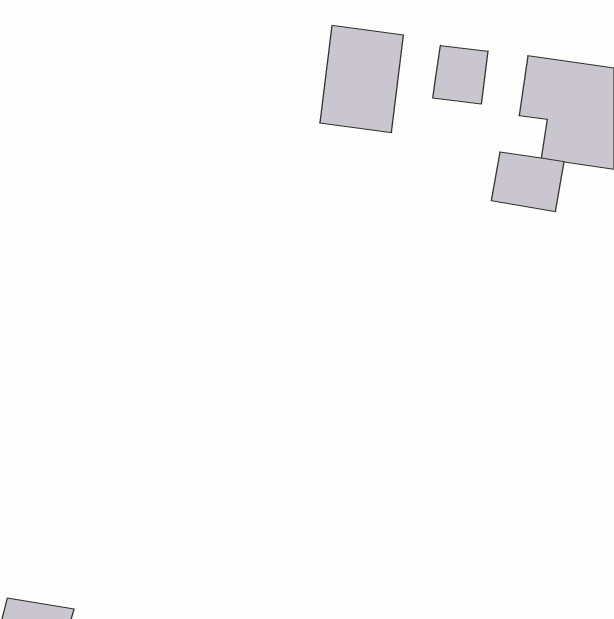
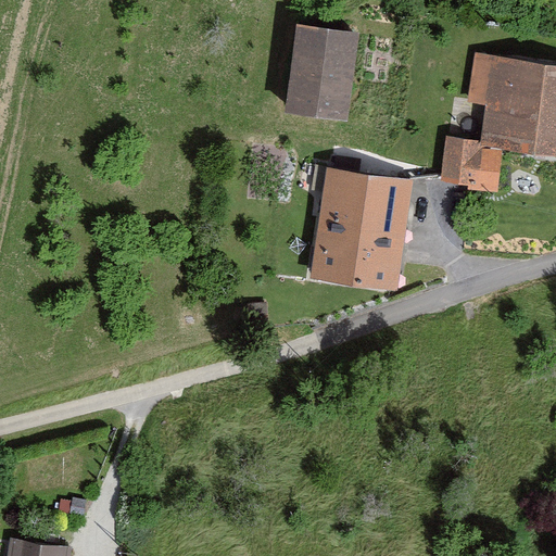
building: [433,45,488,104] -> none
building: none -> [312,167,415,292]

